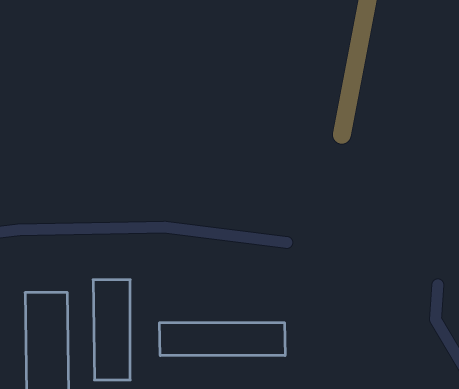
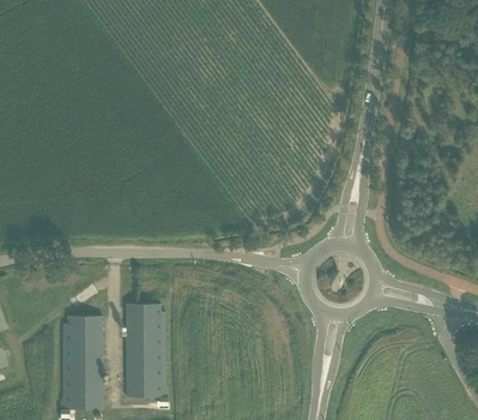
building: [160,323,285,356] -> none

